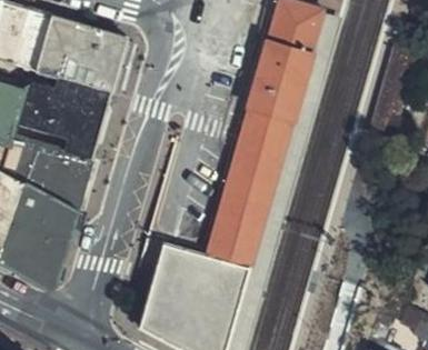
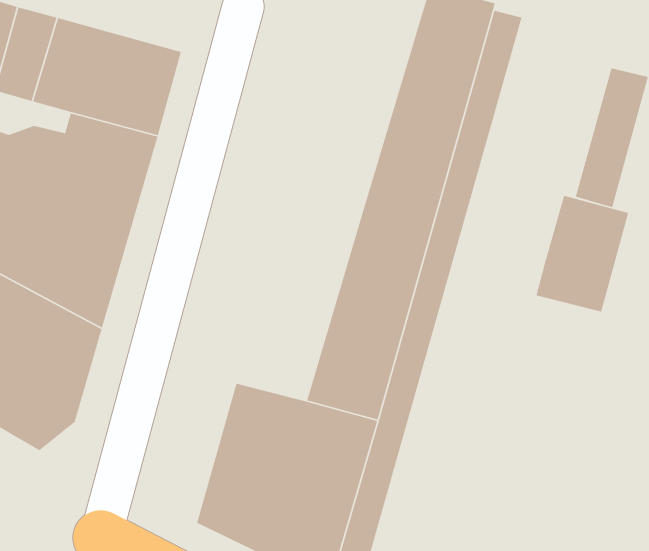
building: none -> [535,195,629,312]

